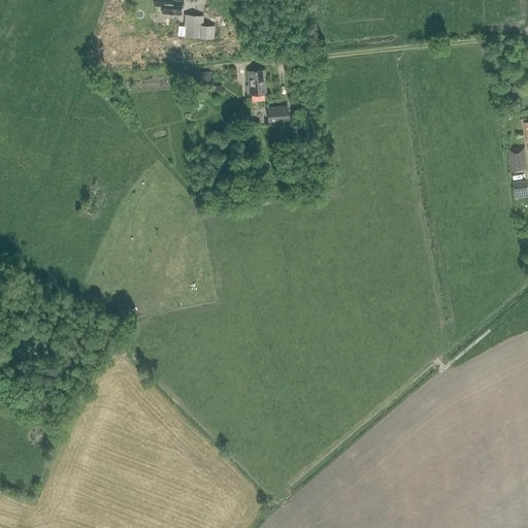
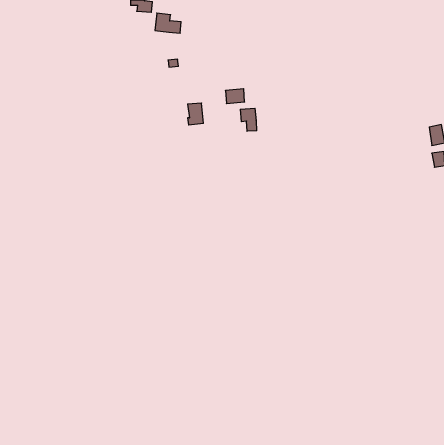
building: [248,70,266,96] -> [188,103,203,125]
building: none -> [240,108,257,131]

